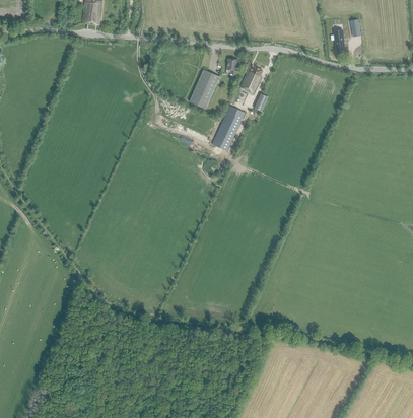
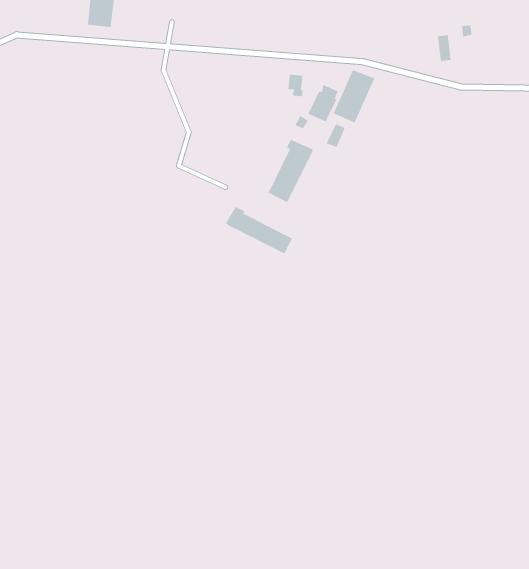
building: [189,70,219,109] -> [333,70,375,123]
building: none -> [225,206,292,254]

